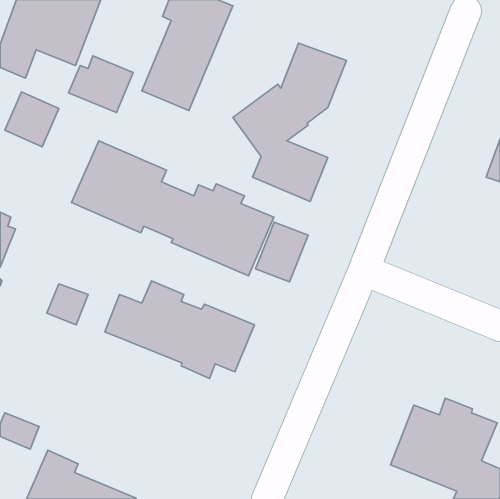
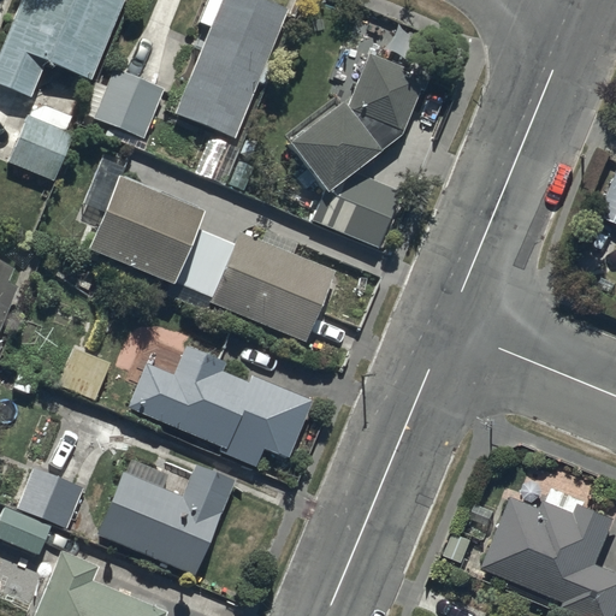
building: [255,222,308,282] -> none
building: none -> [100,457,236,575]
building: none -> [17,470,82,528]

